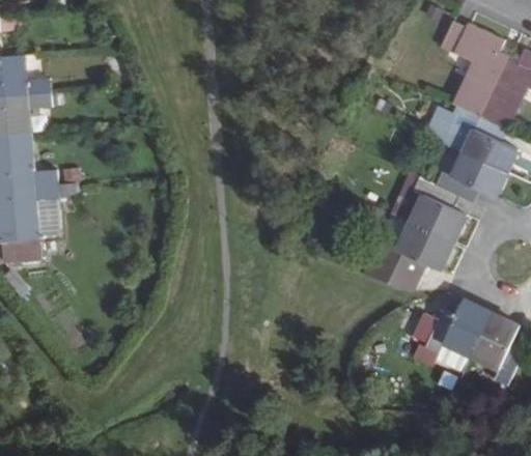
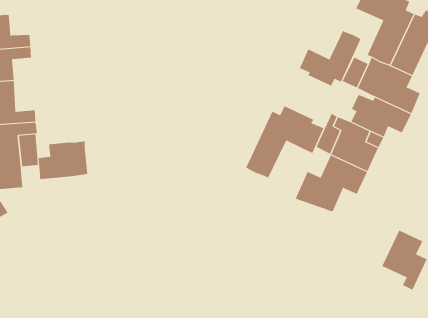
building: none -> [299,30,361,86]
building: none -> [246,105,324,179]
building: none -> [38,140,88,180]
building: [424,301,491,373] -> none

